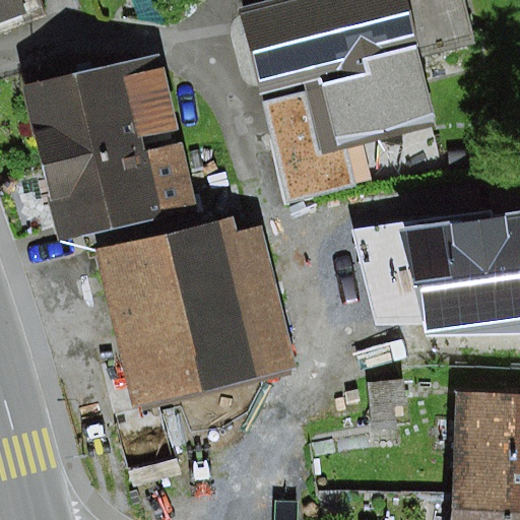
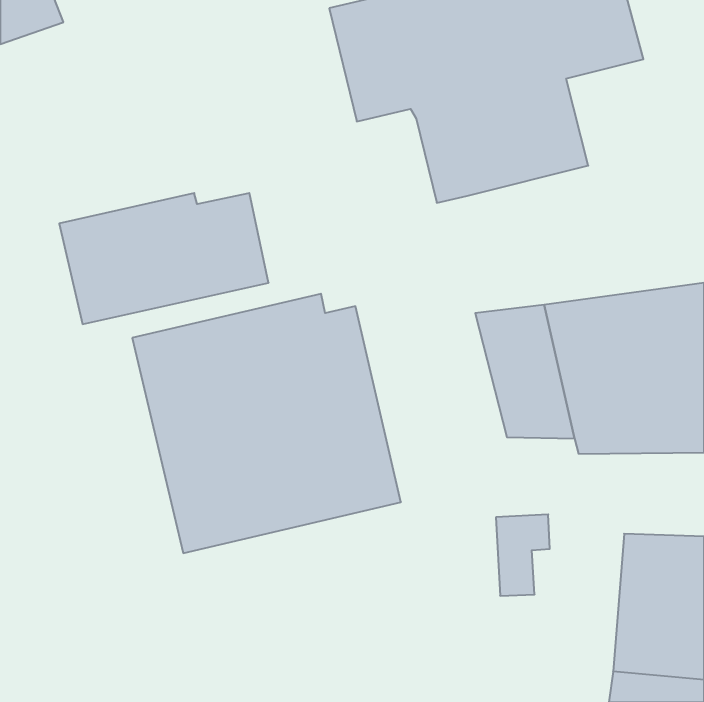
building: [25,54,177,165] -> none
building: [261,87,353,199] -> none

